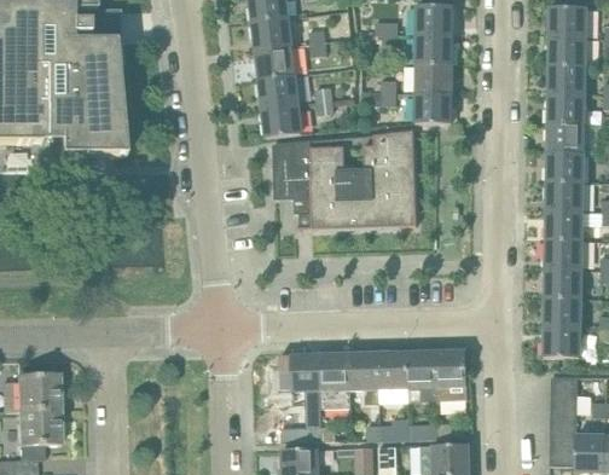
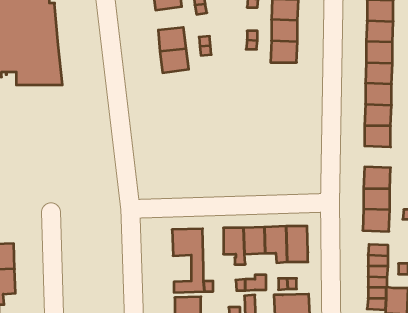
building: [255,45,294,77] -> none
building: [272,129,416,227] -> none
building: [545,238,581,268] -> none
building: [320,352,350,407] -> none

